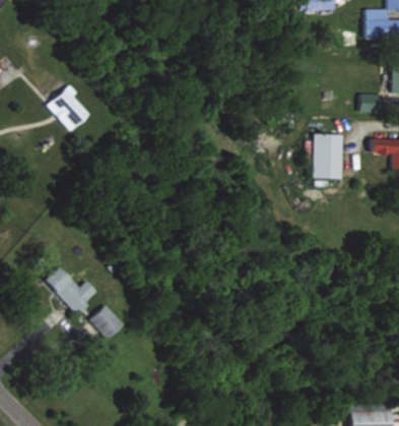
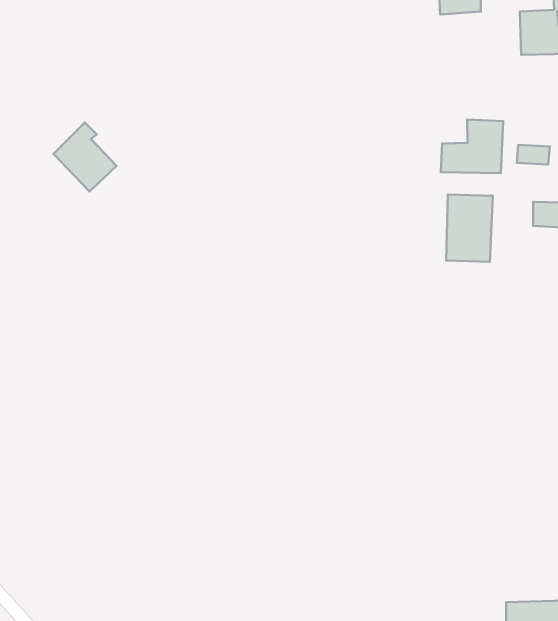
building: none -> [441,119,503,173]
building: [46,265,96,315] -> none
building: [89,304,124,340] -> none

